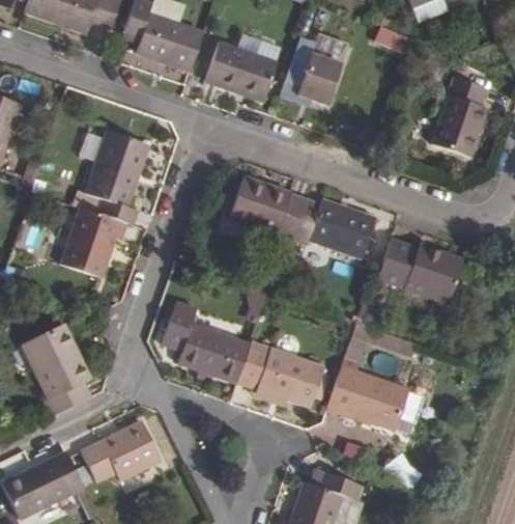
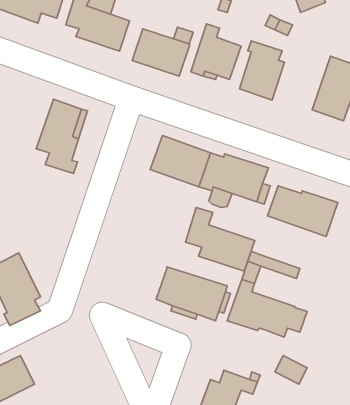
building: none -> [239,41,284,100]
building: [59,205,127,278] -> none
building: [162,301,249,381] -> [185,207,255,271]
building: [81,419,161,481] -> none

